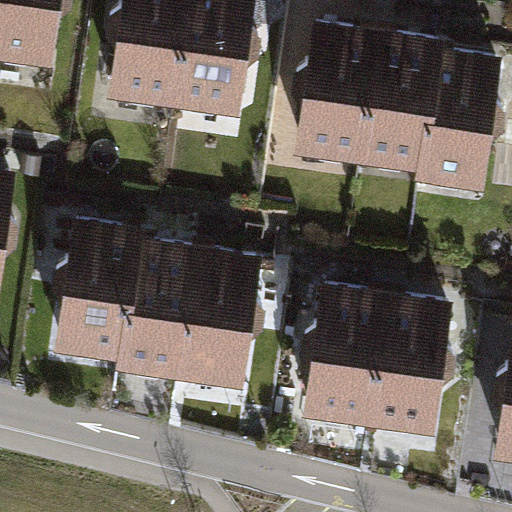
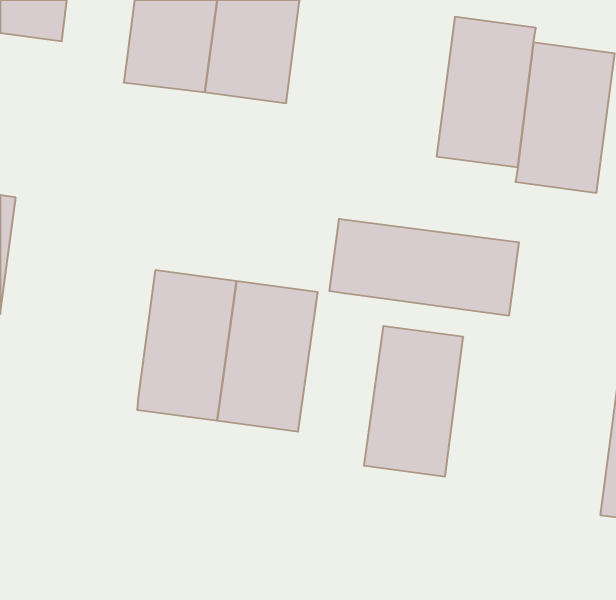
building: [296,21,378,145] -> none
building: none -> [330,219,519,316]
building: [50,220,132,344] -> none
building: [370,294,452,417] -> none

